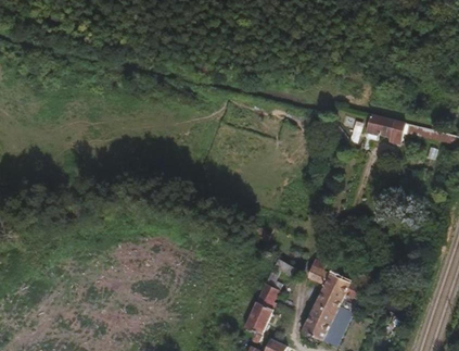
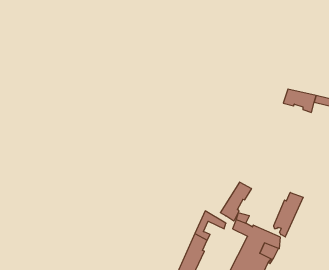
building: none -> [220,182,251,221]
building: none -> [274,192,303,237]

